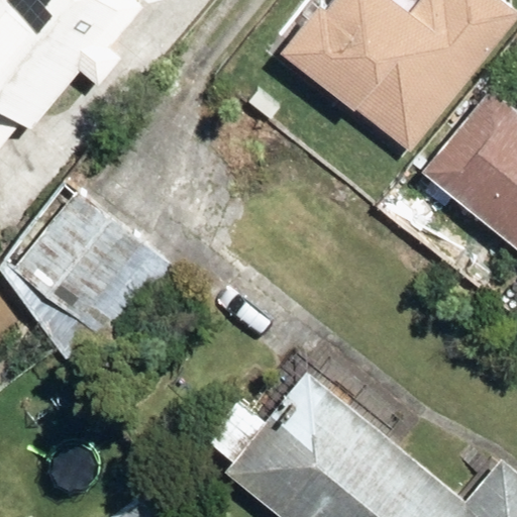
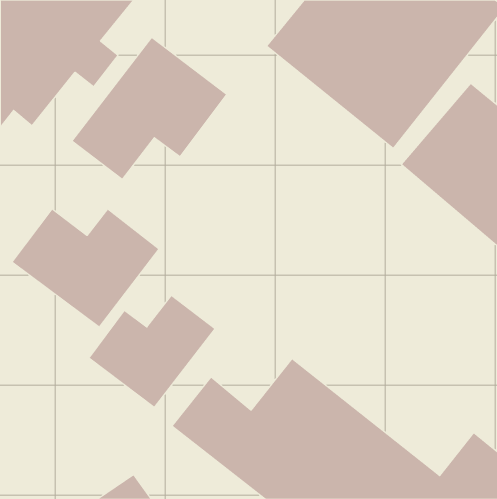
building: none -> [72,37,227,180]
building: none -> [89,295,215,408]

